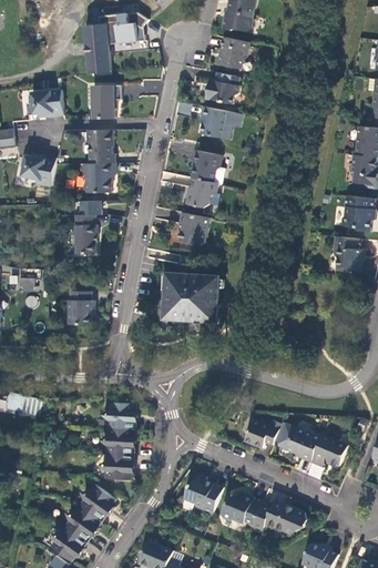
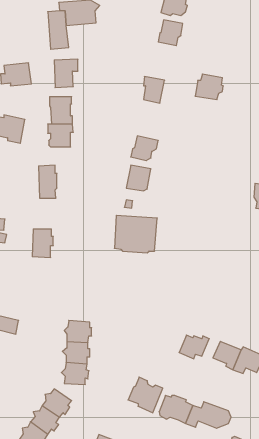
building: [206,71,241,102] -> [195,74,223,100]
building: [192,150,225,183] -> none

